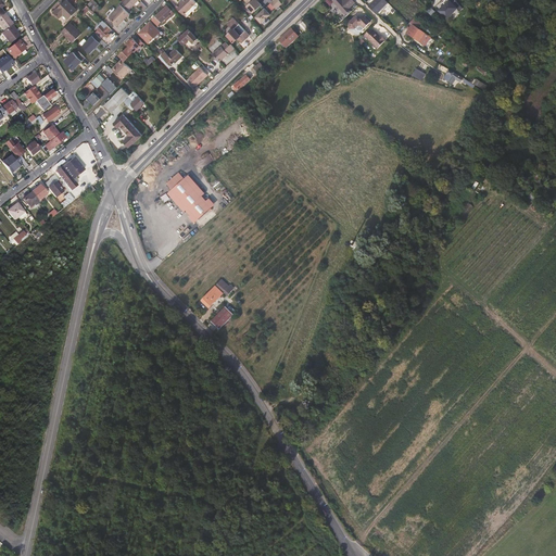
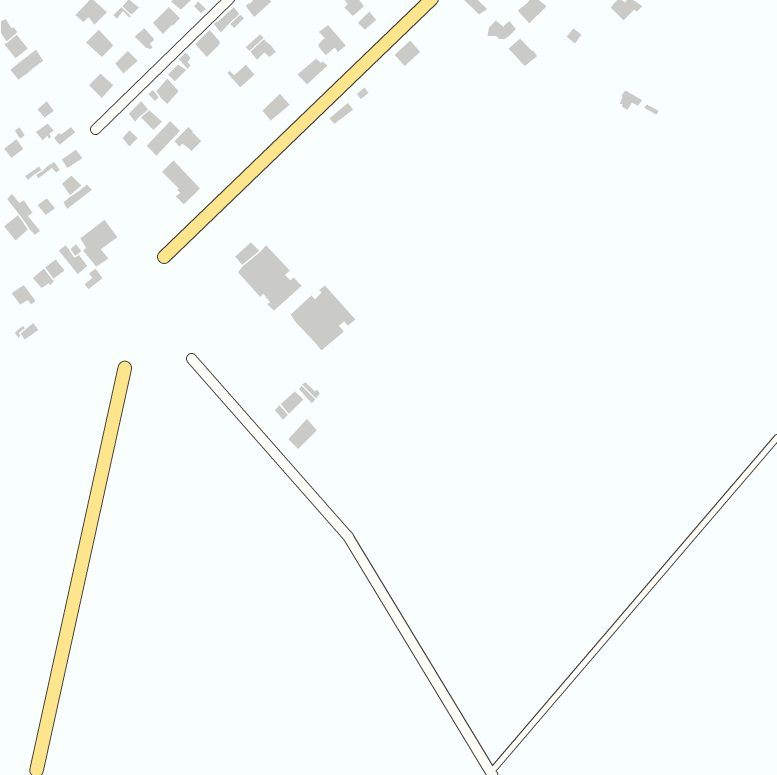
building: none -> [290,284,357,351]

